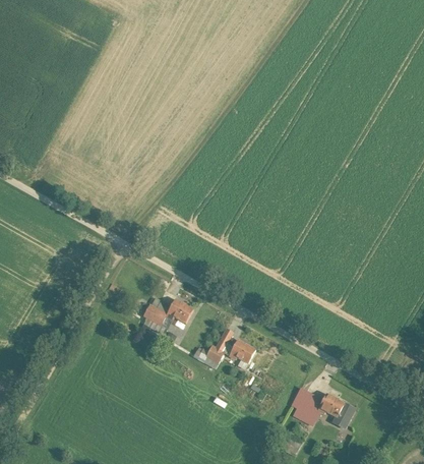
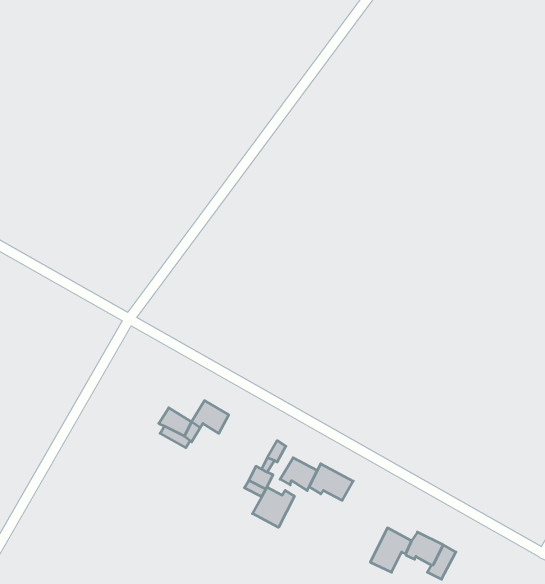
building: none -> [309,464,353,500]
building: none -> [252,487,294,527]

